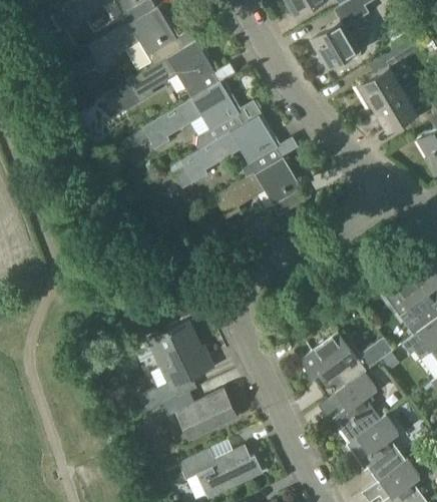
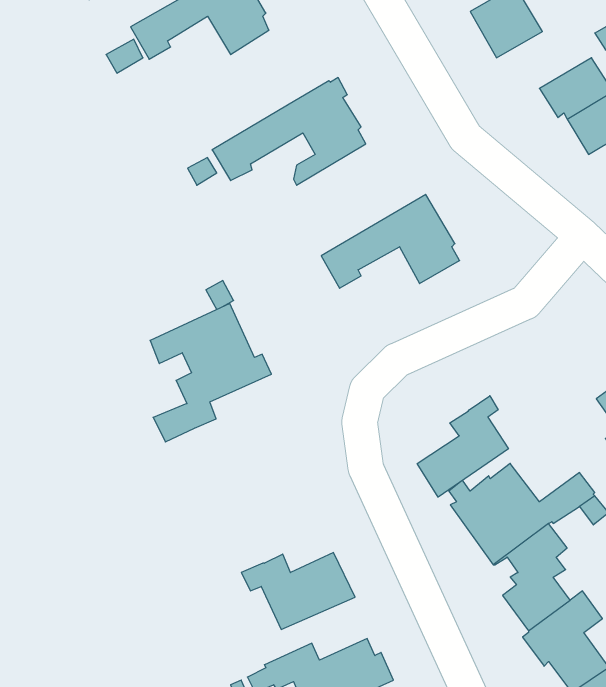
building: [114,40,220,109] -> none
building: [173,114,283,196] -> none
building: none -> [417,396,508,497]
building: [133,322,212,412] -> [150,304,271,442]

